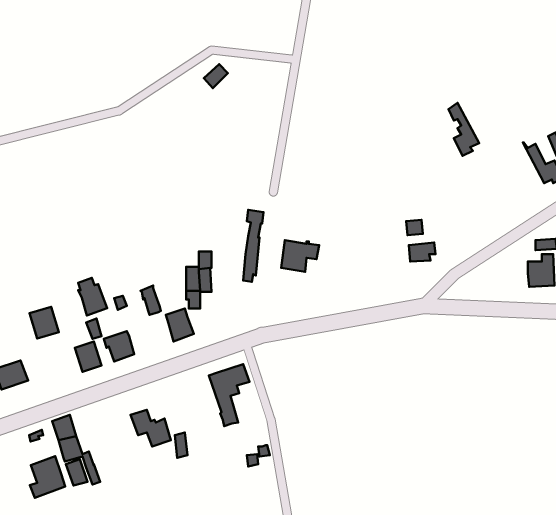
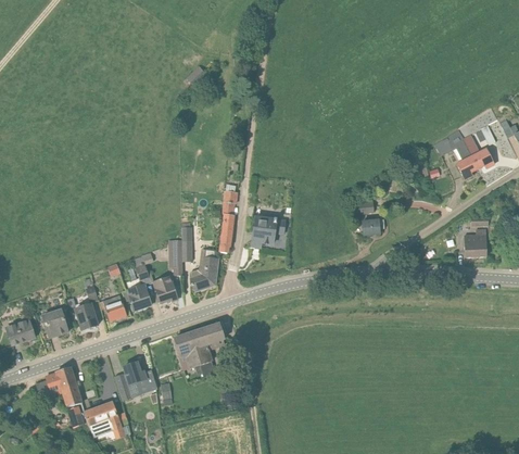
building: [449,103,479,156] -> [452,133,478,178]
building: [78,278,107,316] -> [126,277,151,310]
building: none -> [190,250,218,291]
building: [30,307,59,339] -> [42,310,67,337]
building: none -> [174,332,201,367]
building: [30,456,65,498] -> [90,401,121,437]

